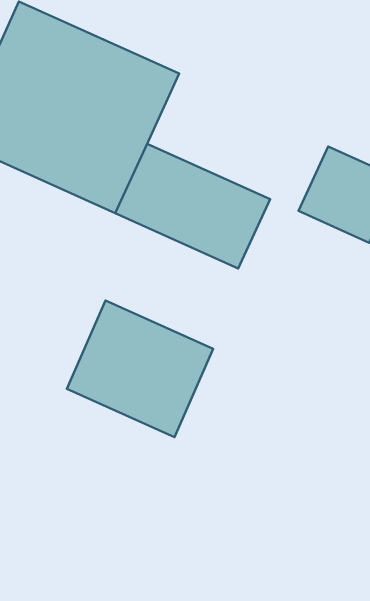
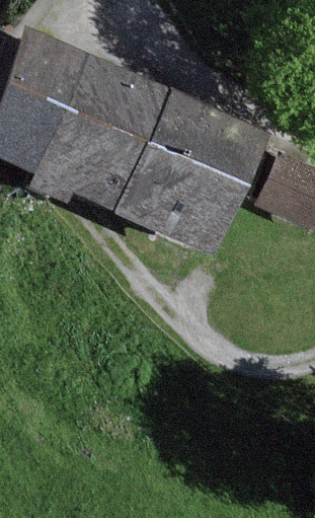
building: none -> [134,91,256,191]
building: [67,301,213,437] -> none

